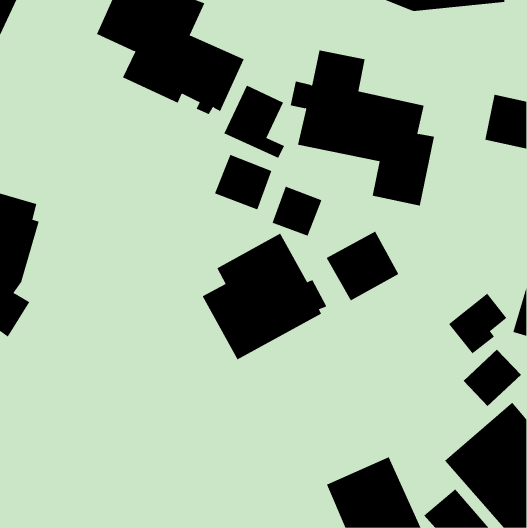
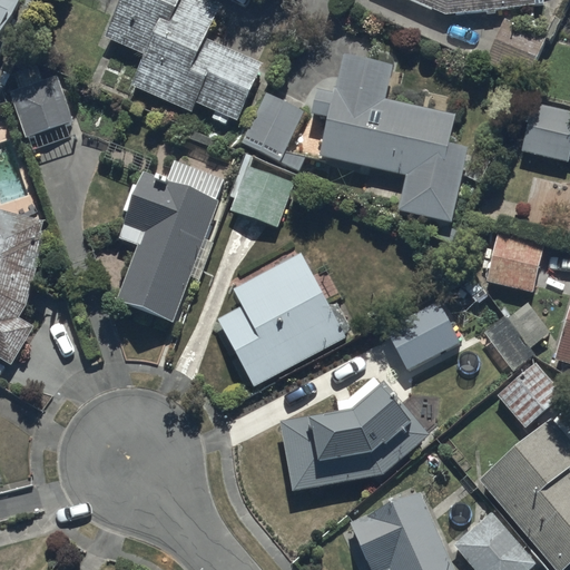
building: none -> [10,76,72,137]
building: none -> [118,160,227,321]
building: [272,186,322,237] -> none
building: none -> [485,242,541,303]
building: [326,231,399,301] -> [386,299,465,375]
building: none -> [281,376,432,492]

